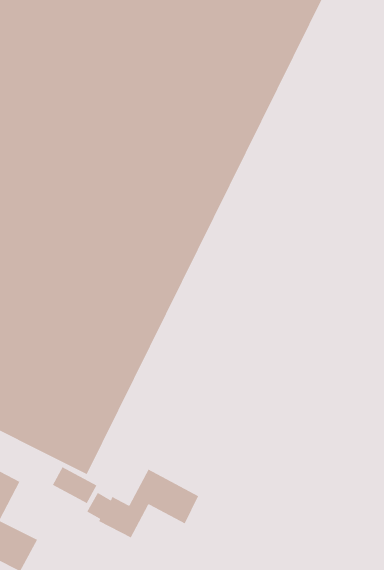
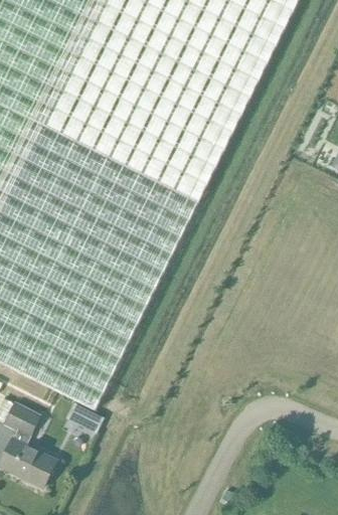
building: [86,468,199,539] -> none

